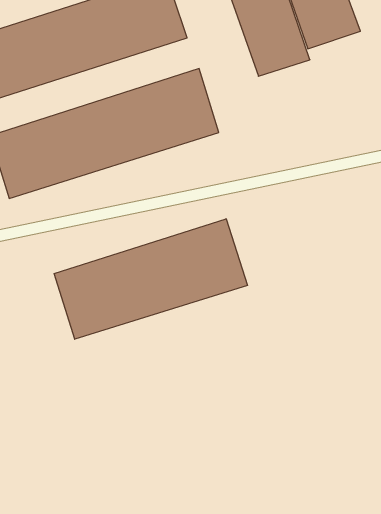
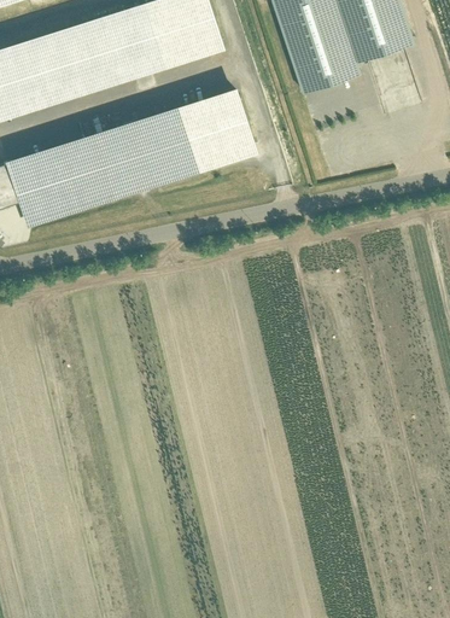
building: [54,219,247,339] -> none

